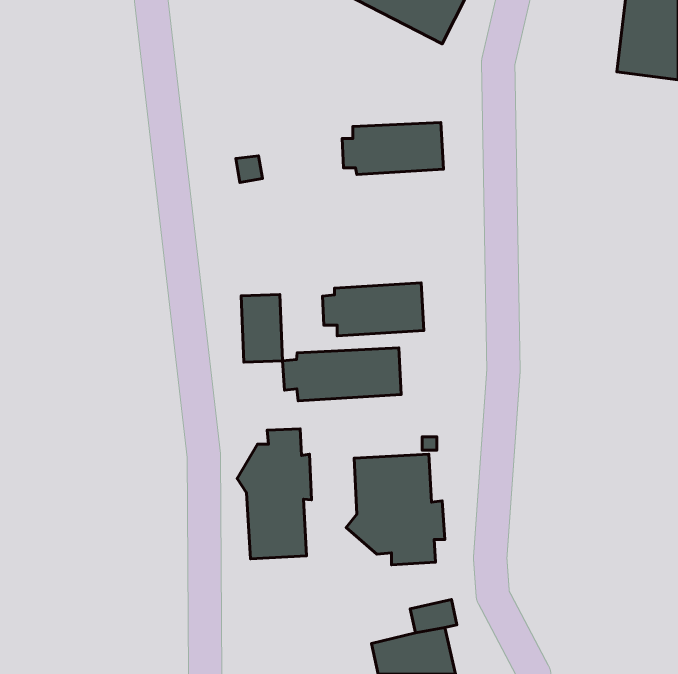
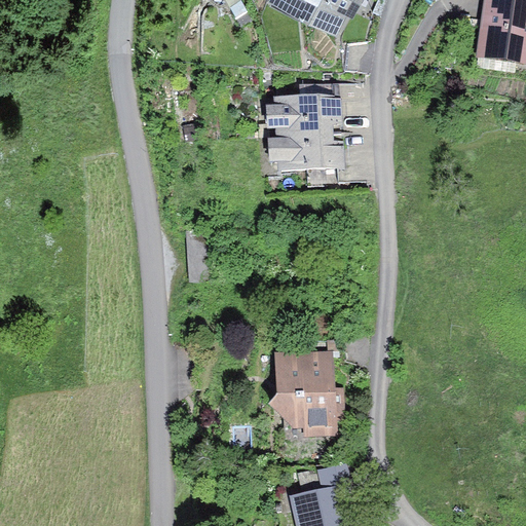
building: [323,283,424,336] -> [266,130,344,172]
building: [282,348,401,401] -> none
building: [237,429,312,559] -> none

